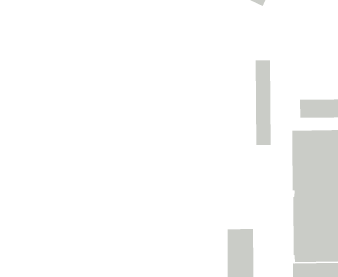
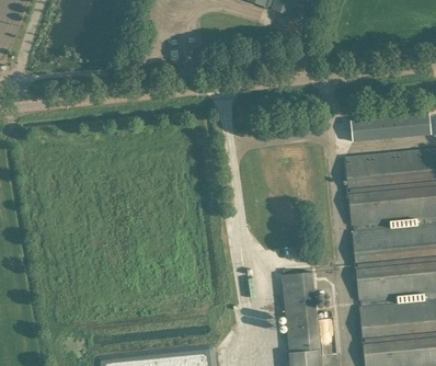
building: [255,59,272,146] -> none

